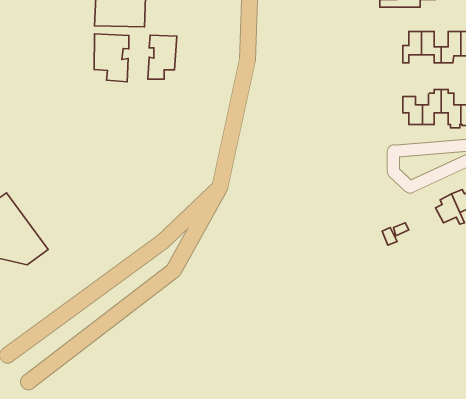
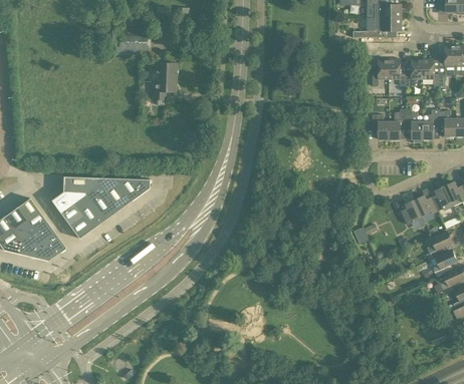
building: [94,34,129,82] -> none
building: none -> [50,175,149,238]

